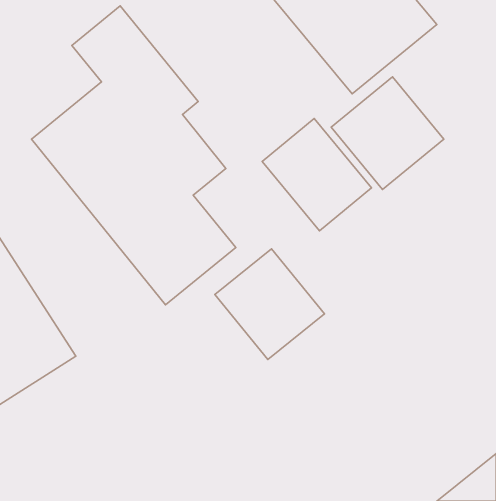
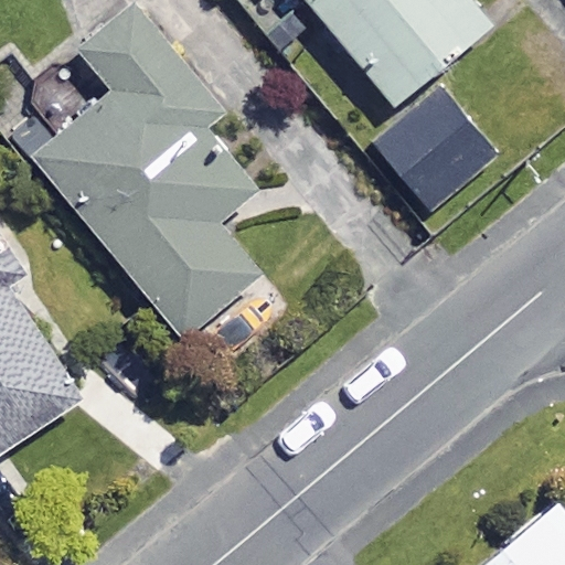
building: [262,118,371,231] -> none
building: [215,249,324,360] -> none

